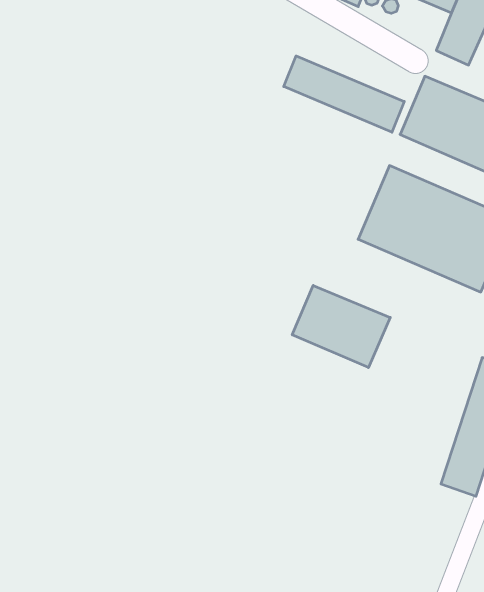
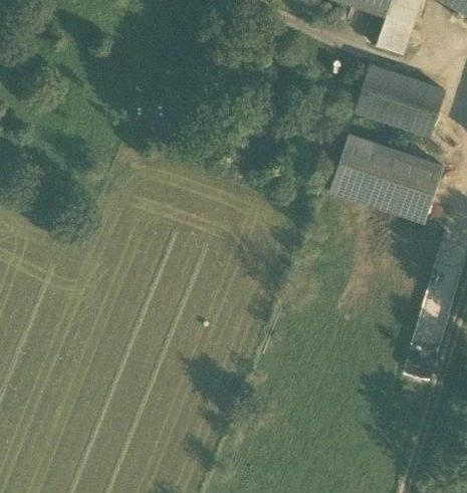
building: [284,56,404,132] -> none
building: [292,285,390,368] -> none

